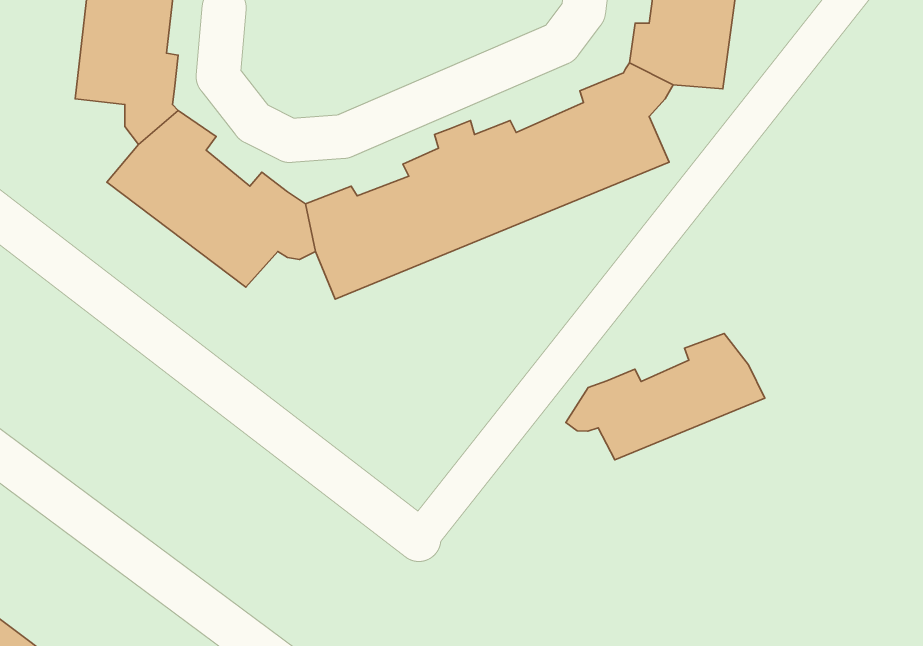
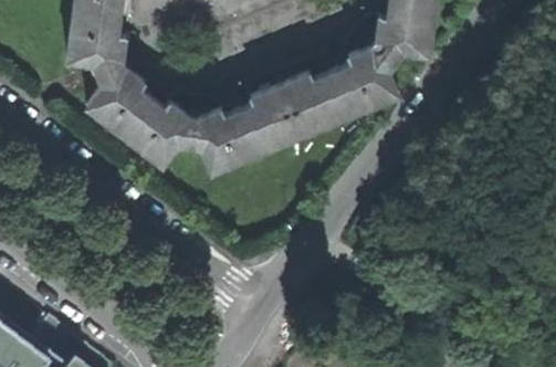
building: [566,333,765,460] -> none

